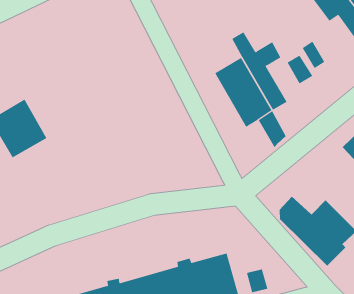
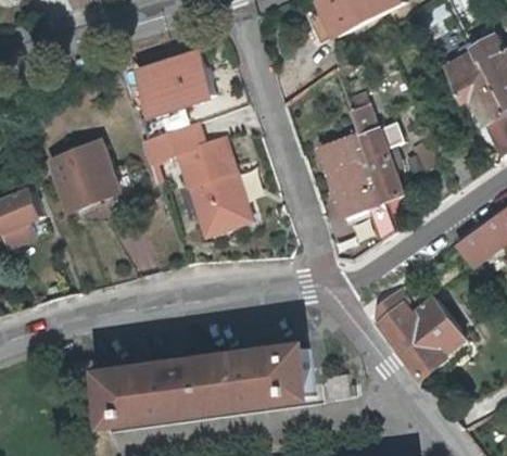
building: none -> [139,50,212,111]
building: none -> [138,119,252,236]

